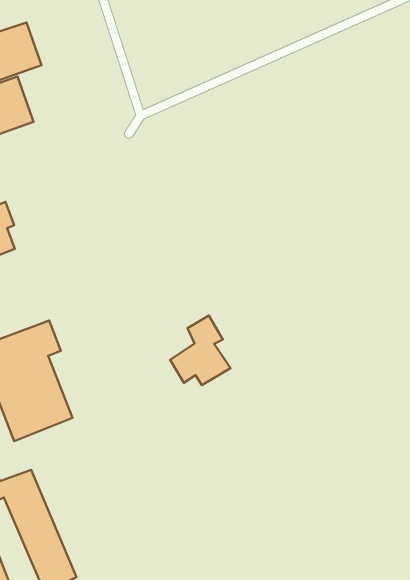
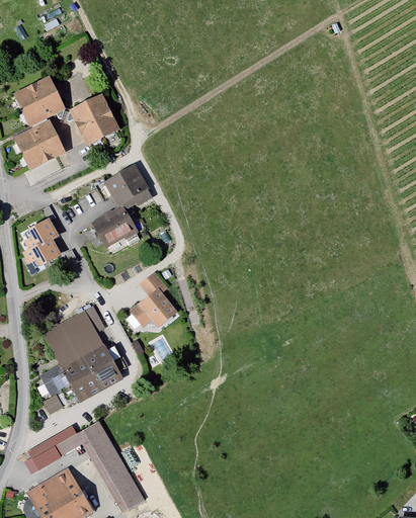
building: none -> [66,94,117,147]
building: none -> [91,163,153,250]
building: [170,315,230,385] -> [129,274,176,329]

